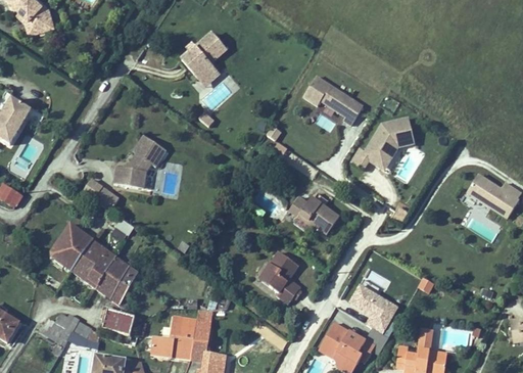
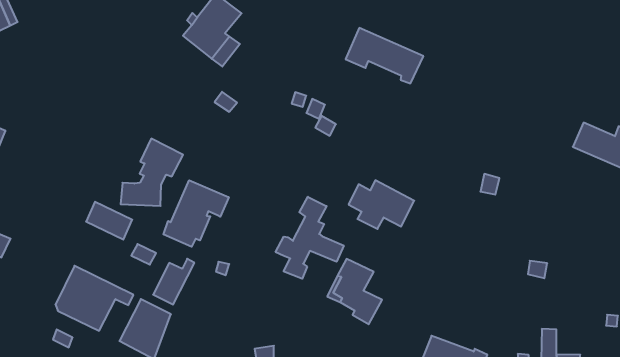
building: [350,116,415,172] -> none
building: none -> [163,180,229,247]
building: none -> [276,197,344,279]
building: [80,253,115,287] -> [153,259,194,305]
building: [346,281,397,330] -> none

